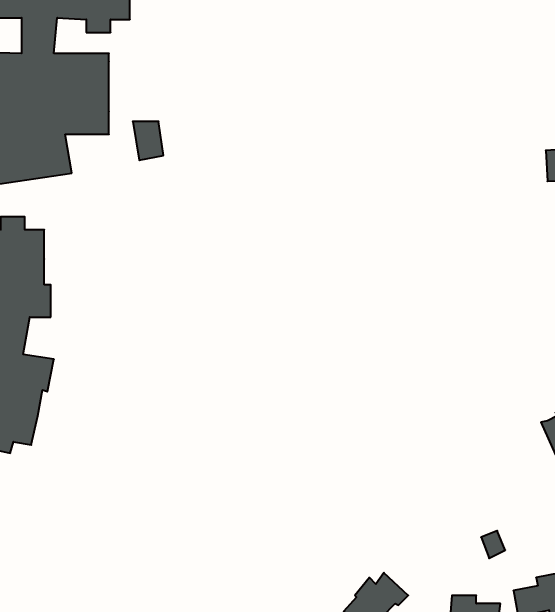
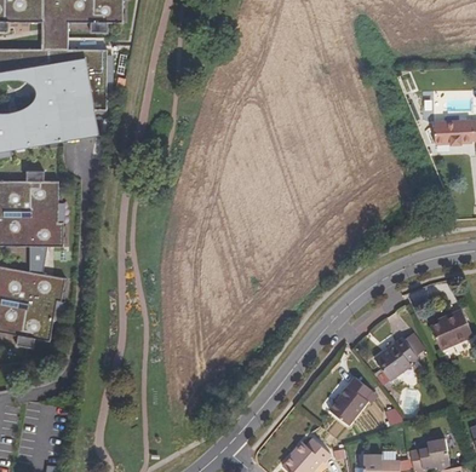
building: [133,121,163,160] -> [73,109,96,138]
building: none -> [372,336,415,380]
building: none -> [327,376,371,425]

